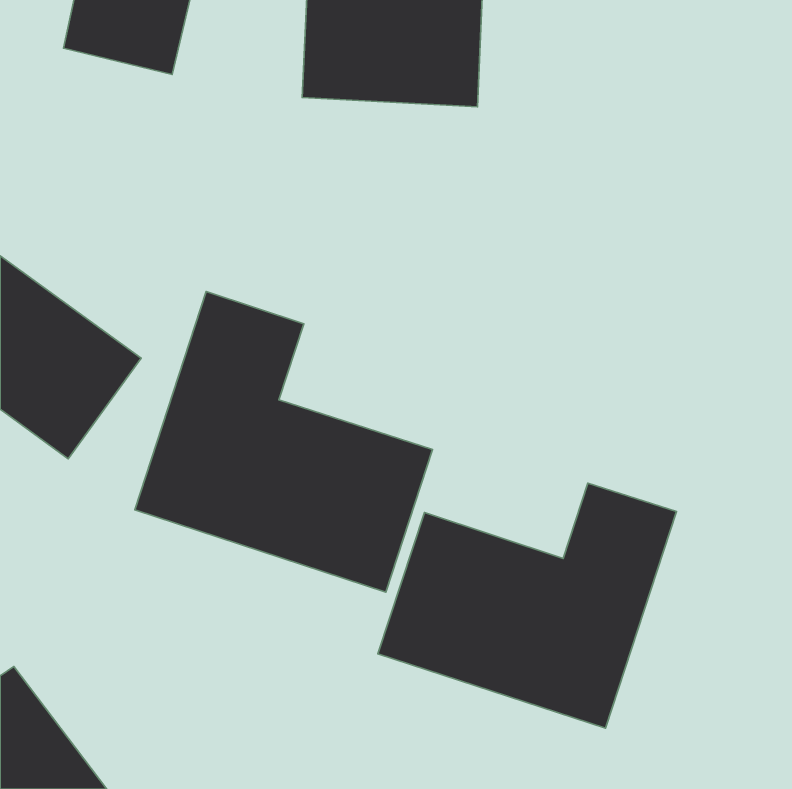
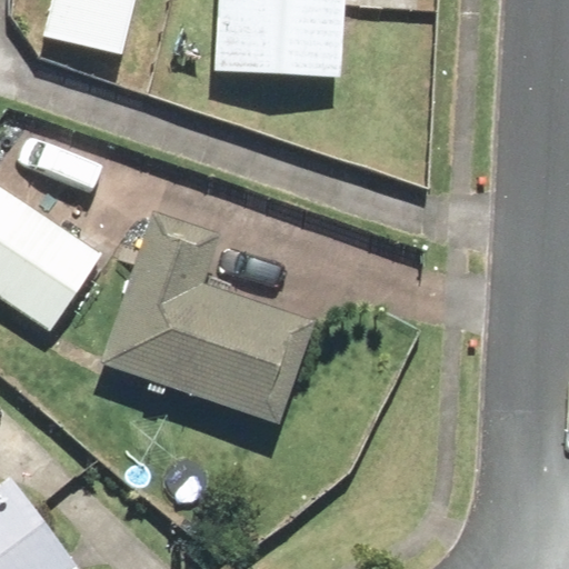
building: [378,483,677,728] -> none

